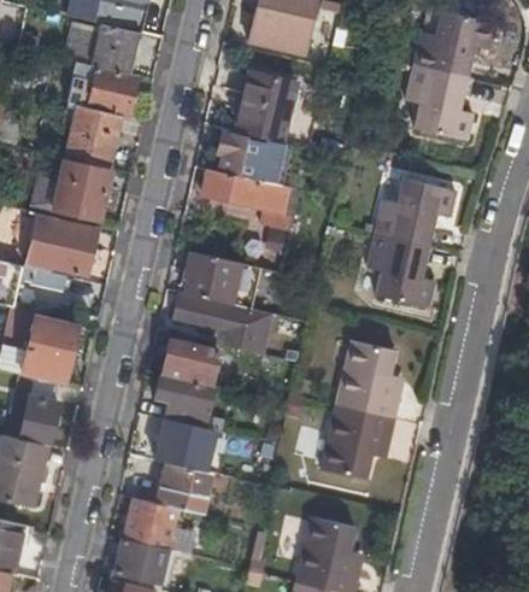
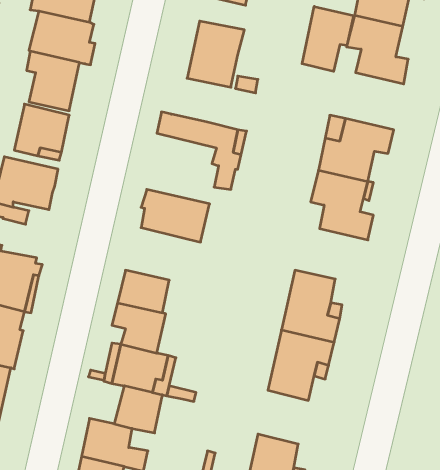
building: none -> [302,6,353,71]
building: [216,134,265,180] -> none
building: [174,297,270,350] -> none

